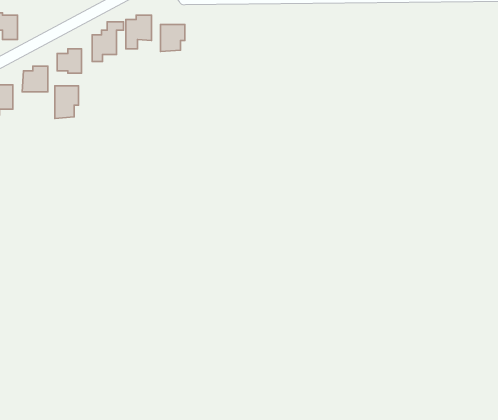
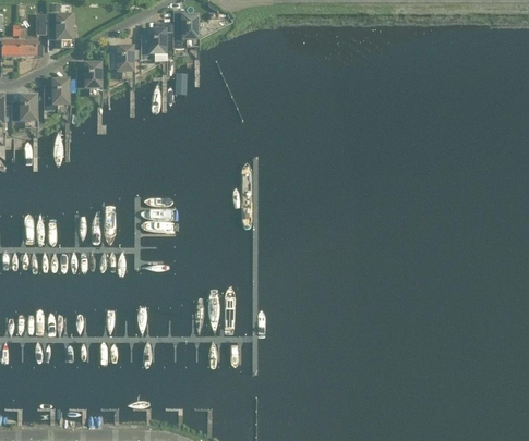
building: [161,25,185,51] -> none
building: [55,86,78,118] -> none

